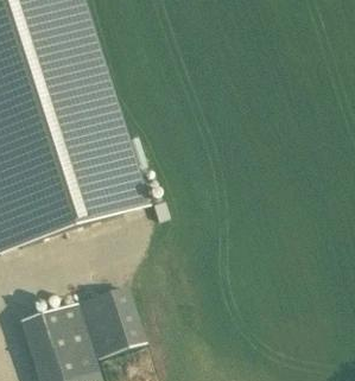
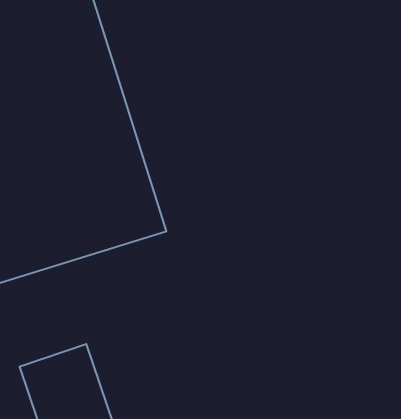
building: [78,284,147,357] -> none

